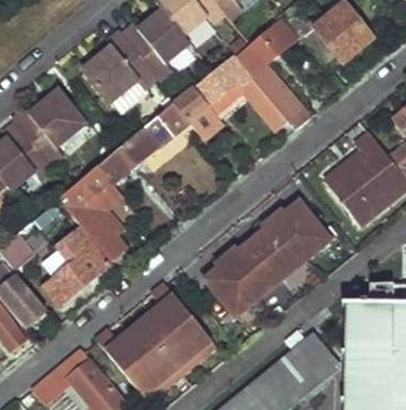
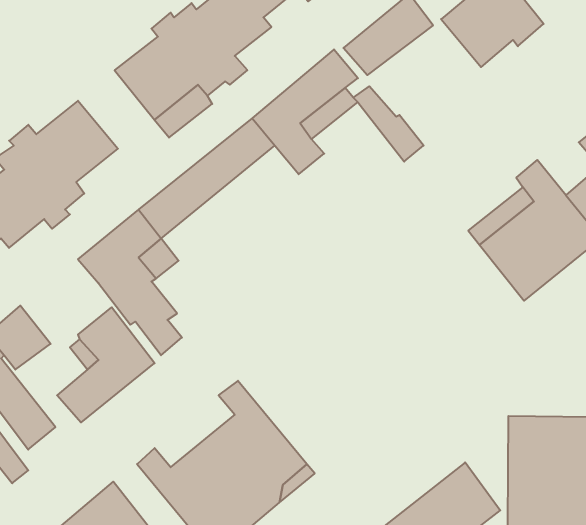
building: [259,71,314,129] -> none
building: [205,202,329,317] -> none

